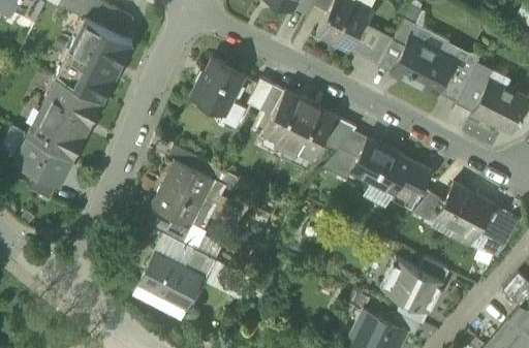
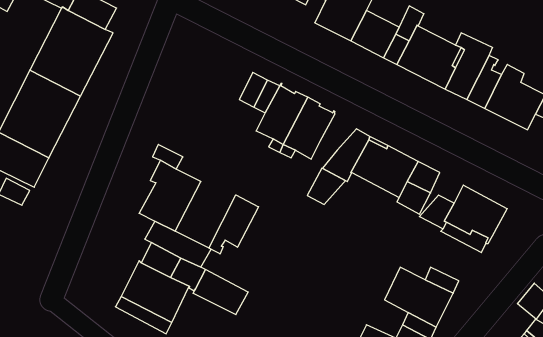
building: [191,60,245,115] -> none
building: [322,118,357,151] -> [307,168,346,204]
building: none -> [209,195,259,254]
building: [480,203,520,243] -> none

